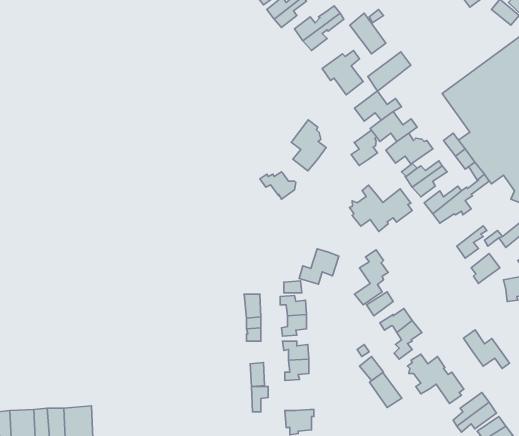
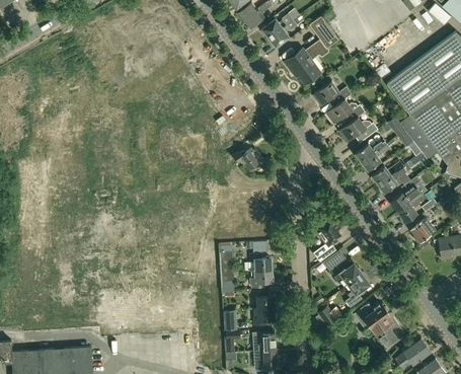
building: [368,52,411,91] -> none
building: [291,120,326,171] -> none
building: [351,130,378,166] -> none
building: [349,185,412,231] -> none
building: none -> [390,176,420,212]
building: [299,249,339,284] -> none
building: [463,330,509,368] -> none
building: [369,373,402,407] -> none
building: none -> [252,330,275,351]

